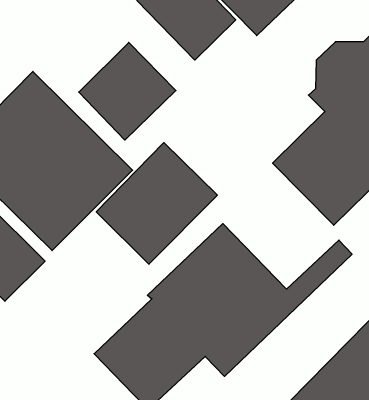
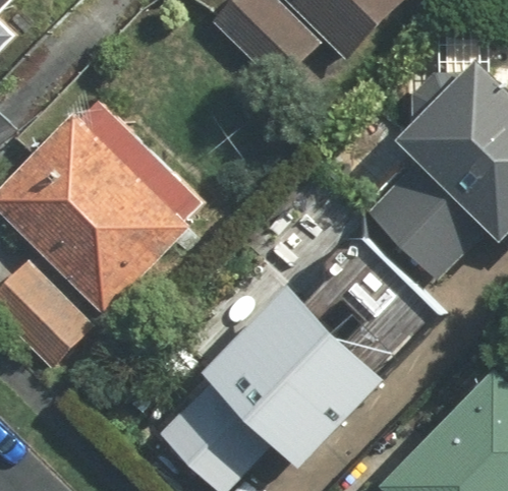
building: [79,42,176,140] -> none
building: [96,143,217,264] -> none

